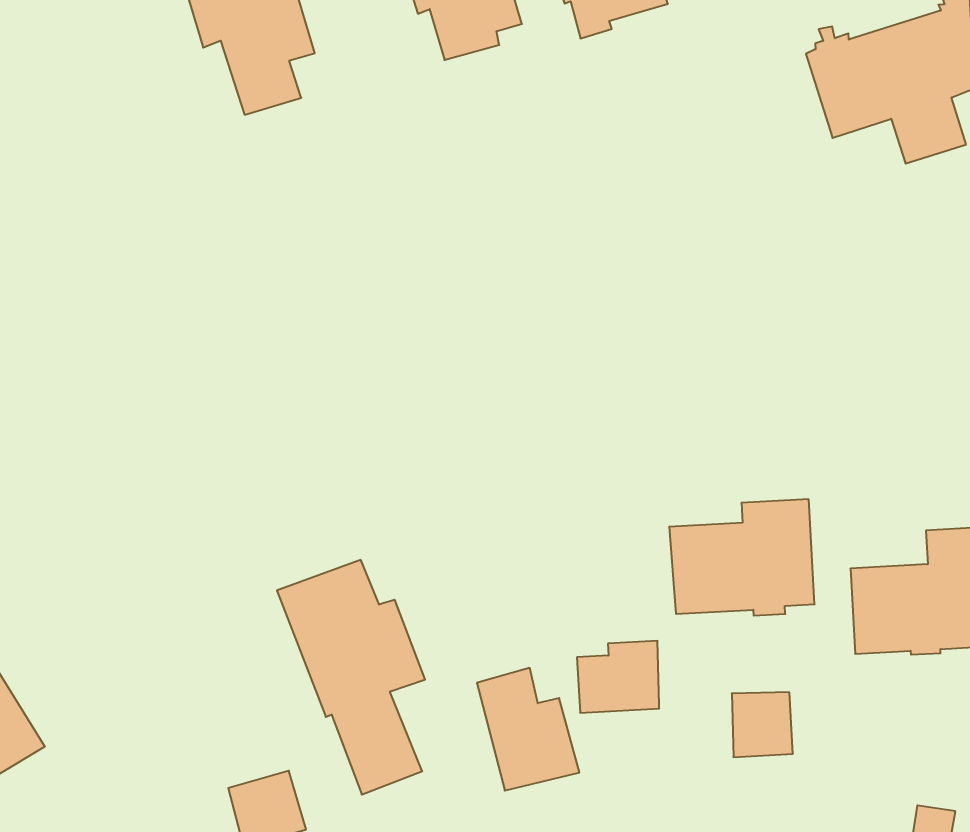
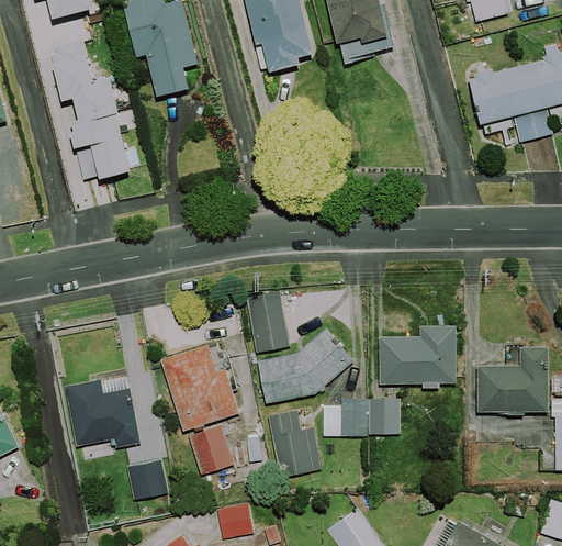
building: none -> [52,38,131,179]
building: none -> [246,291,290,353]
building: none -> [258,327,353,403]
building: none -> [65,376,140,447]
building: [732,692,793,757] -> [368,399,401,434]

